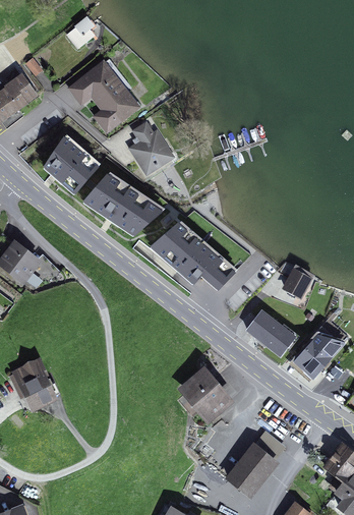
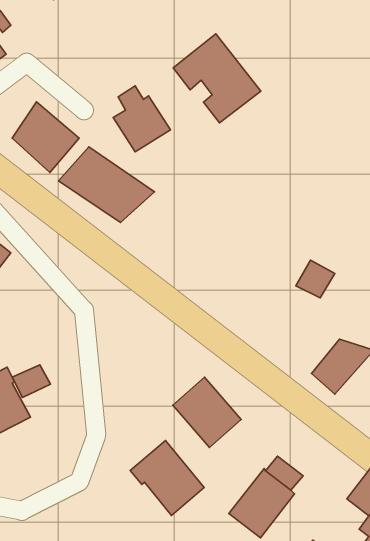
building: [67,59,140,133] -> [173,34,261,123]
building: [149,221,235,287] -> none
building: [245,309,296,356] -> none
building: none -> [12,365,50,398]
building: none -> [130,440,204,516]

